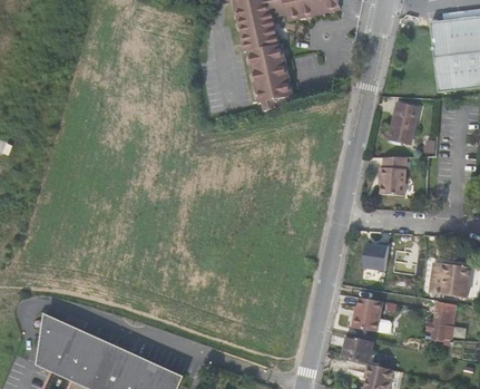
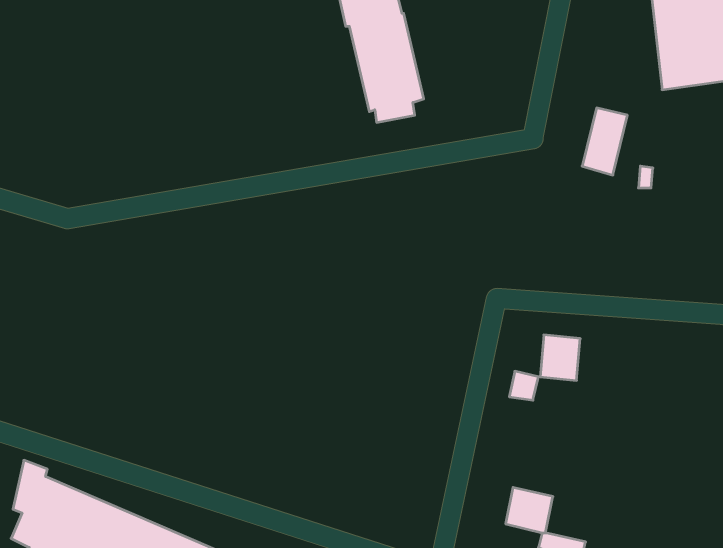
building: [376,155,404,194] -> none
building: [430,262,470,295] -> none
building: [352,296,381,331] -> none
building: [433,299,454,340] -> none

